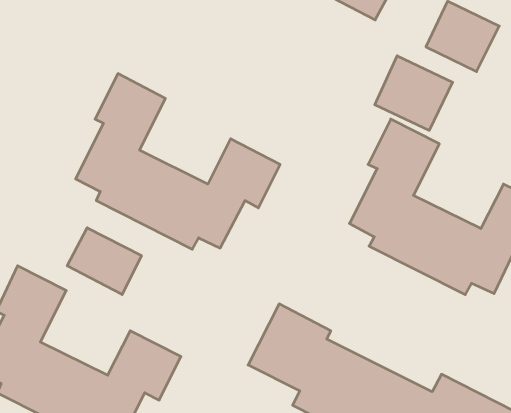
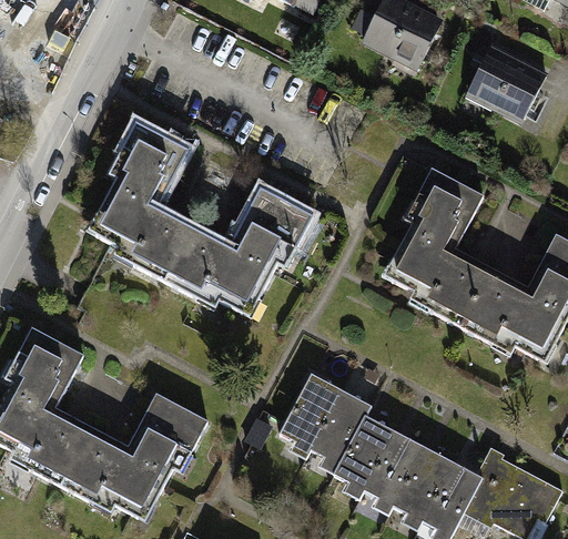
building: [375,56,453,130] -> none
building: [67,228,141,295] -> none

